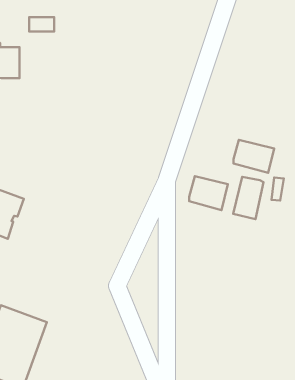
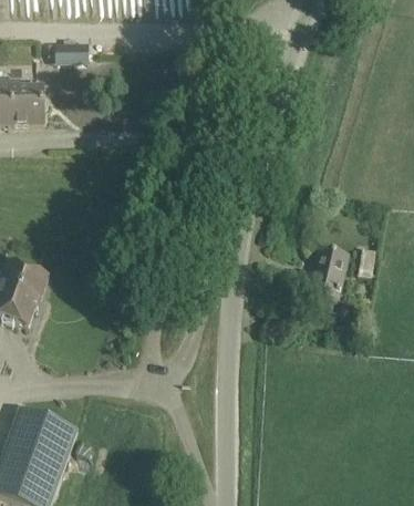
building: [233,140,274,173] -> none
building: [189,176,228,210] -> none

